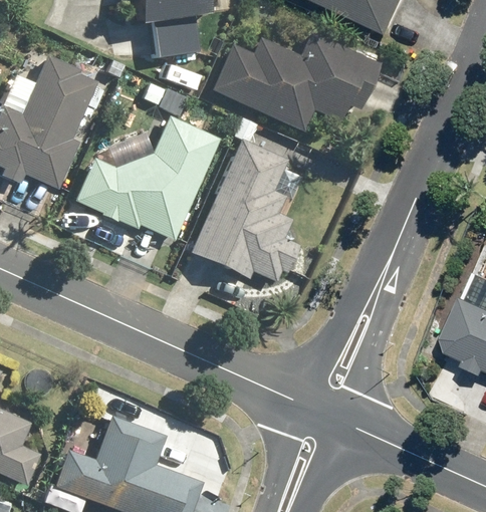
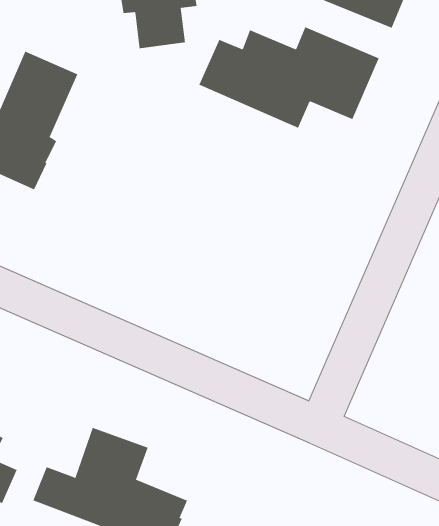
building: [77,119,219,243] -> none
building: [194,141,303,280] -> none

